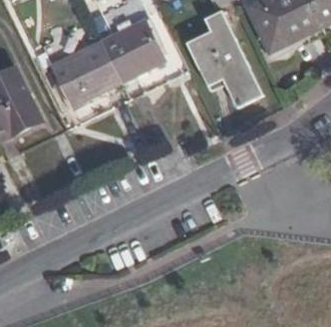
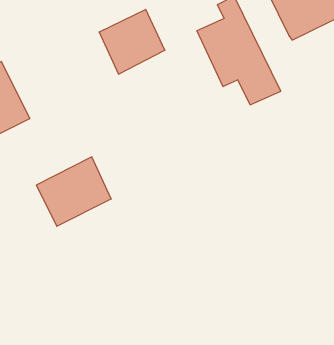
building: [52,42,118,103] -> [36,157,111,226]

